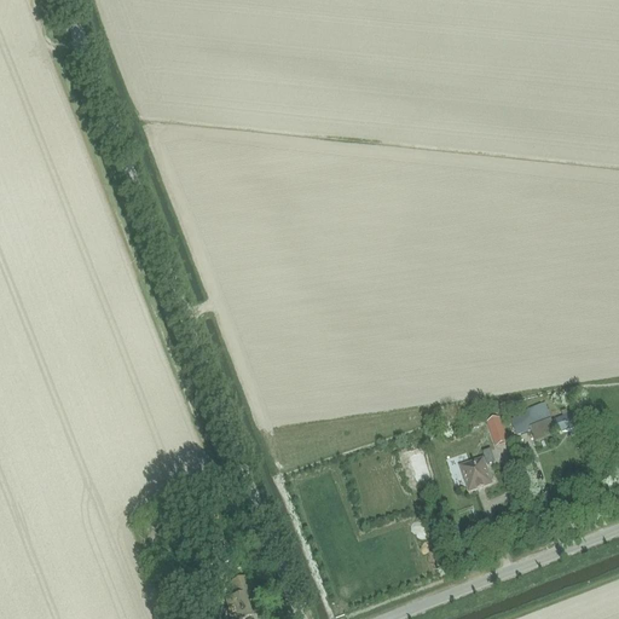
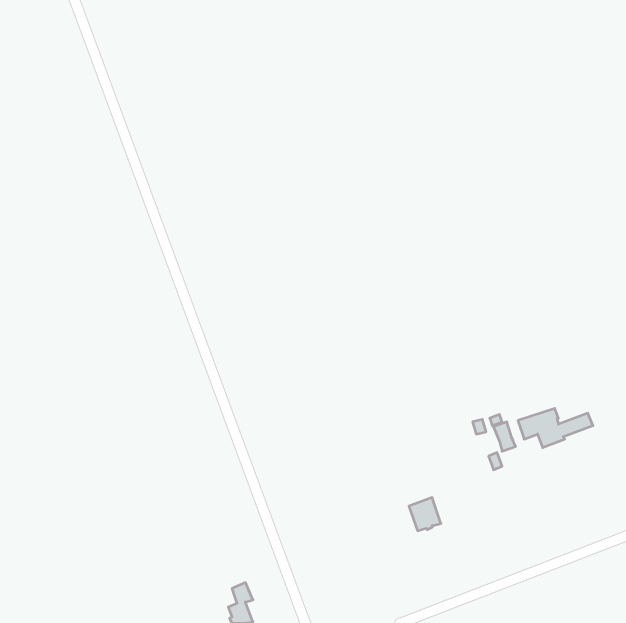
building: [458,456,490,488] -> [409,498,441,531]

